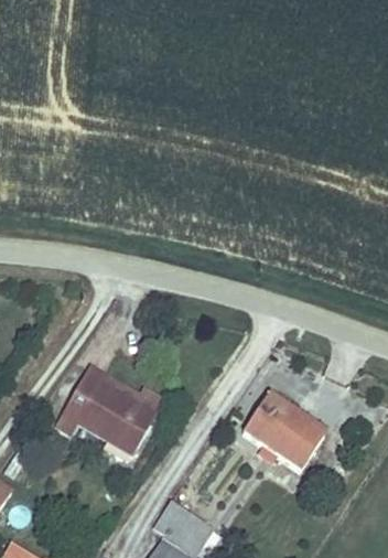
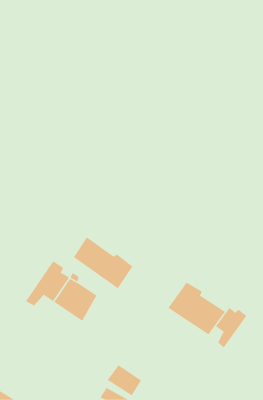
building: none -> [73,236,133,289]
building: none -> [215,307,247,348]

